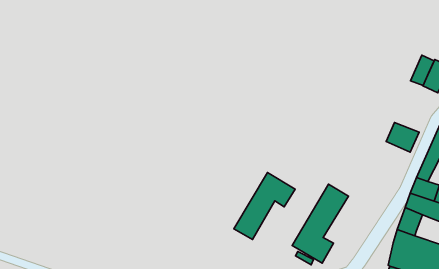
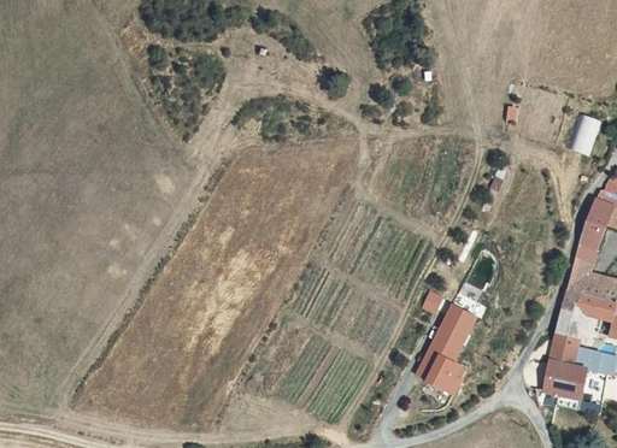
building: [410,55,434,85] -> none
building: [386,122,419,152] -> none
building: [234,172,295,239] -> none

